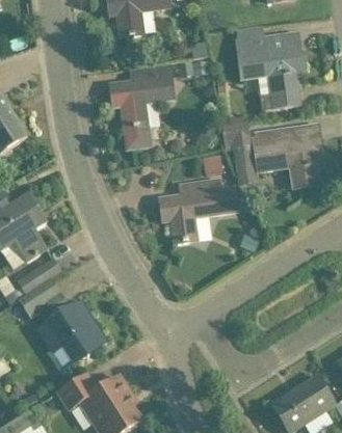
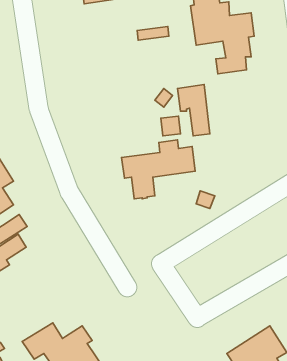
building: [111,64,176,147] -> none
building: [251,125,321,186] -> none
building: [36,301,105,363] -> none

